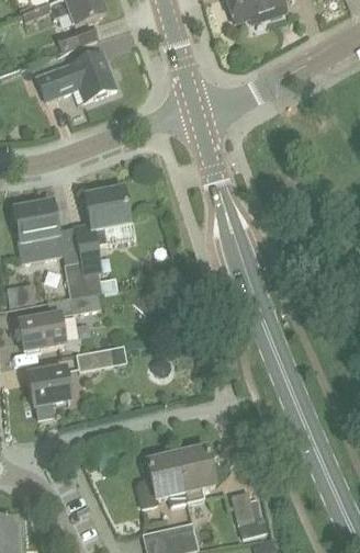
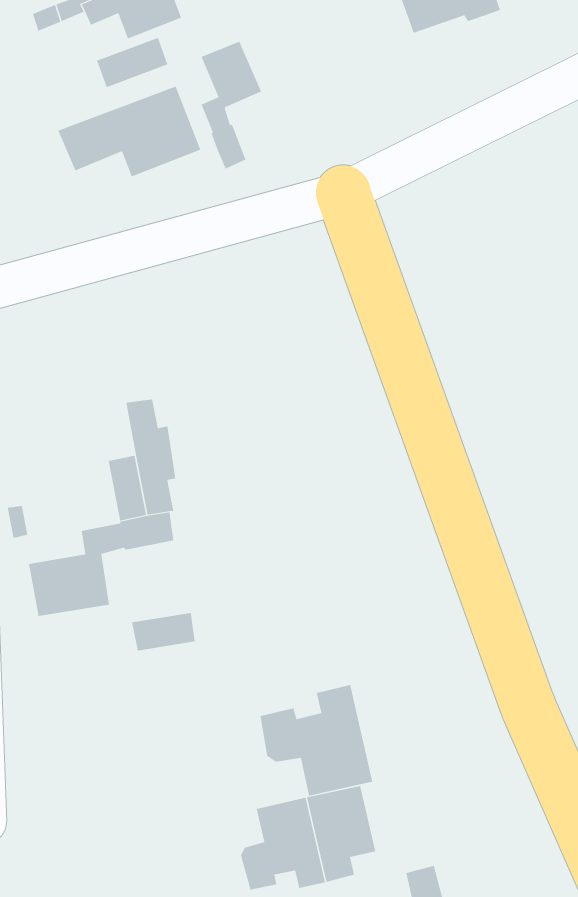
building: none -> [201,41,262,169]
building: [85,187,134,242] -> none
building: [13,200,63,260] -> none
building: [27,364,70,416] -> none
building: none -> [260,684,373,796]

